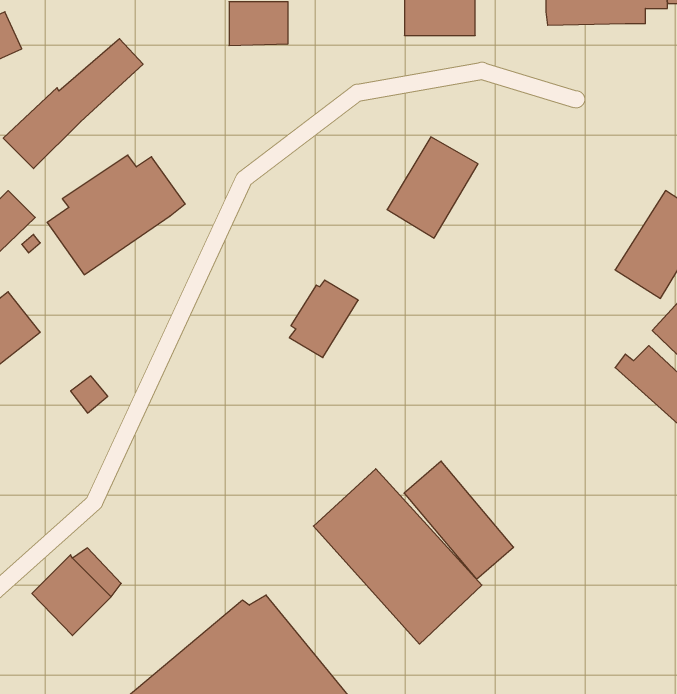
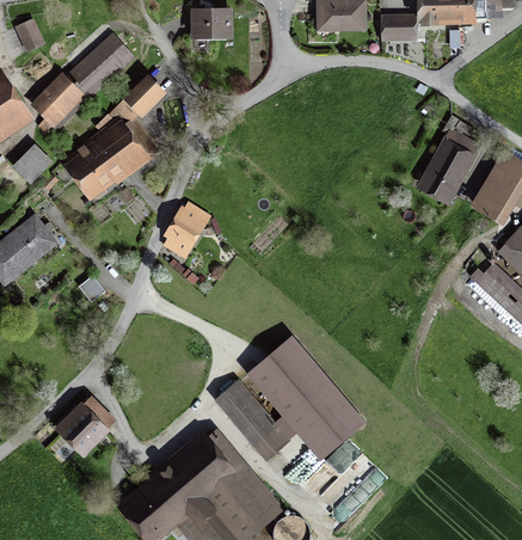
building: none -> [381,16,417,43]
building: none -> [122,76,164,118]
building: [387,137,478,238] -> [414,124,479,196]
building: [289,280,358,358] -> [164,203,213,258]
building: [404,461,514,579] -> [214,379,291,462]

